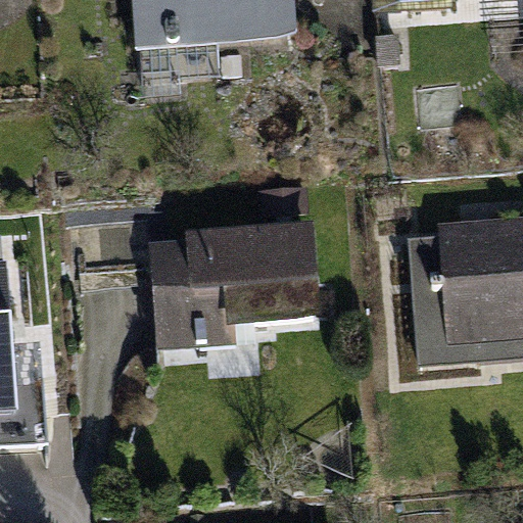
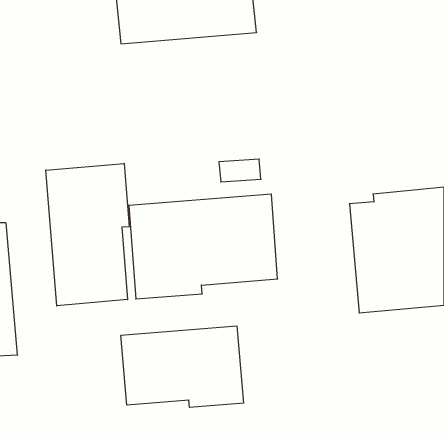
building: none -> [46,163,129,306]
building: none -> [121,326,243,407]

